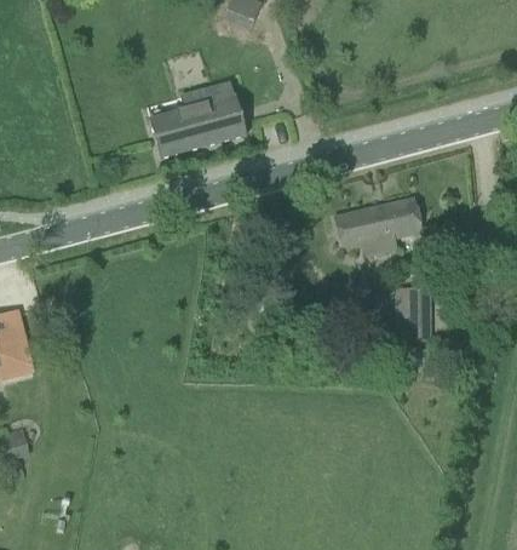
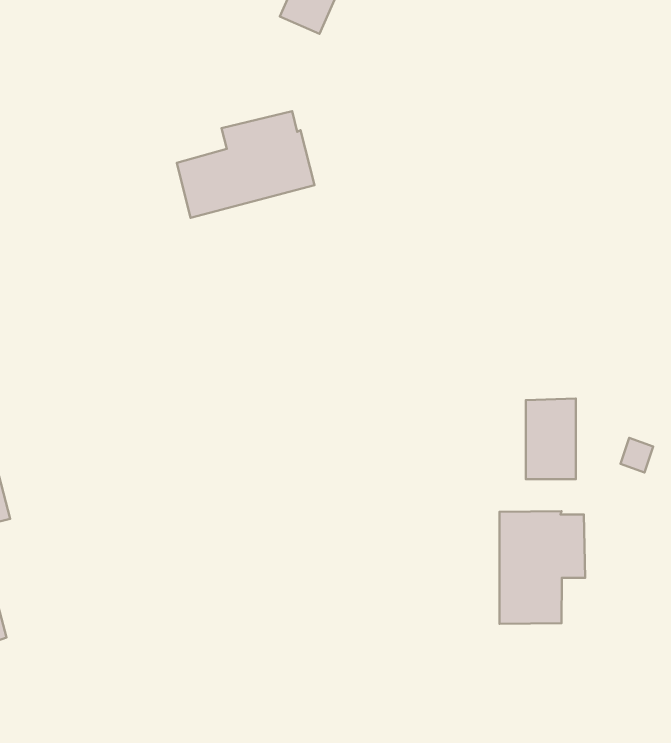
building: [333,197,423,256] -> none
building: none -> [499,511,585,624]

